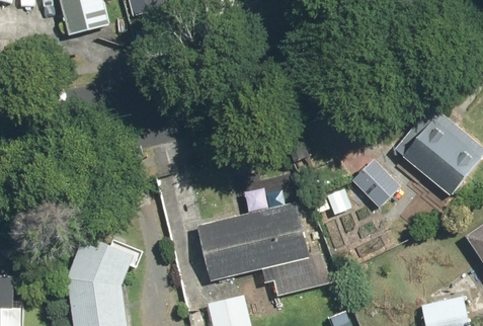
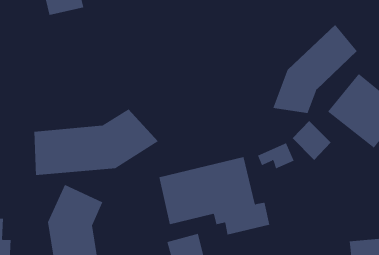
building: none -> [273,24,358,114]
building: none -> [34,108,159,176]

